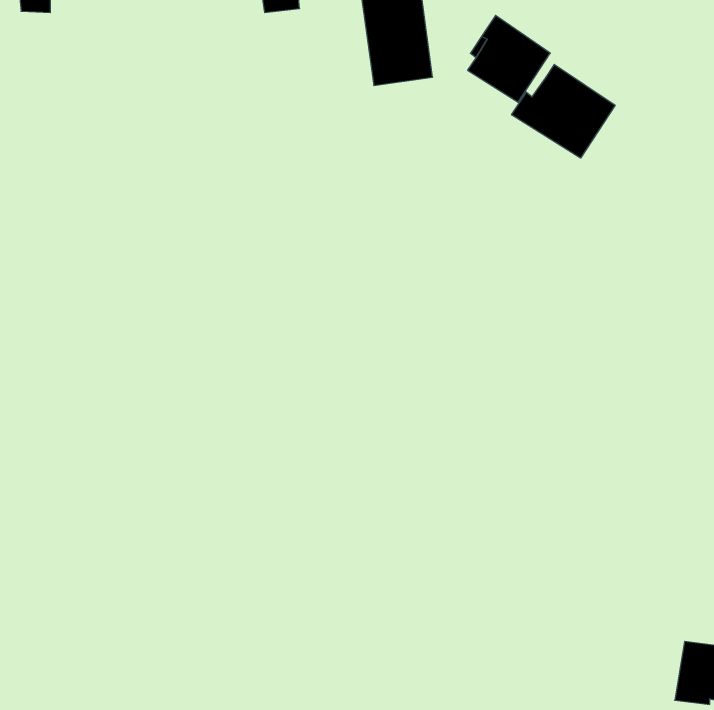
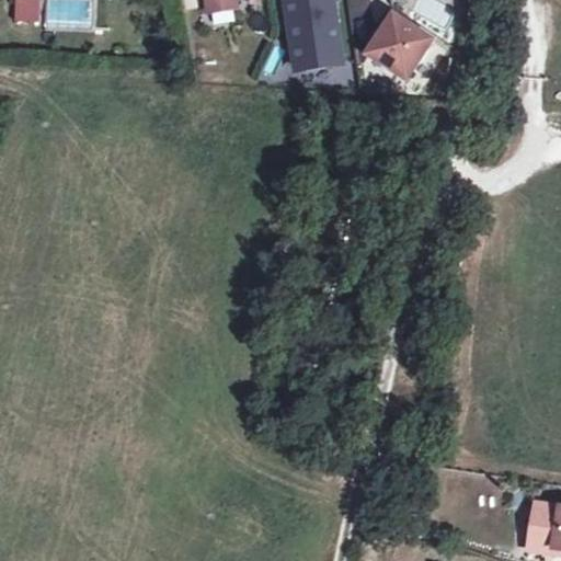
building: [512,64,615,158] -> none

